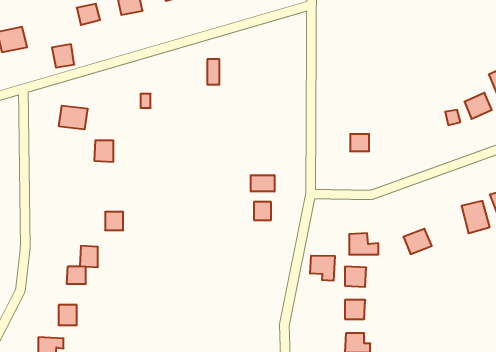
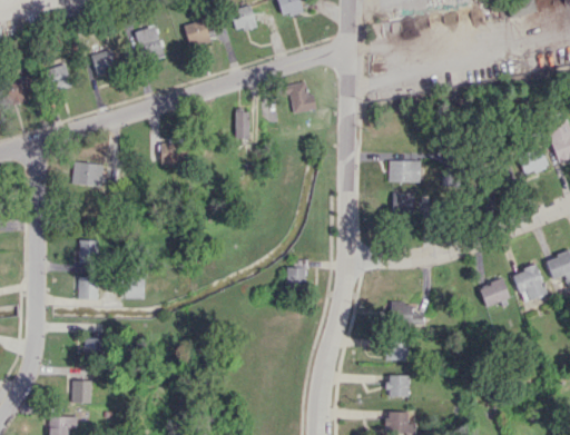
building: none -> [286,81,315,112]
building: [52,44,74,68] -> [46,65,70,90]
building: none -> [387,160,420,181]
building: [94,140,113,162] -> [78,240,99,264]
building: [251,175,274,192] -> none
building: [403,229,432,254] -> [479,278,510,306]
building: [80,246,98,267] -> [77,276,97,299]
building: [310,256,335,281] -> none

